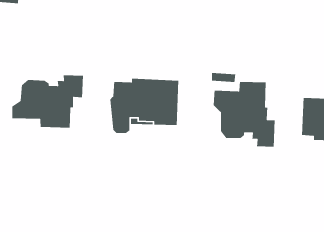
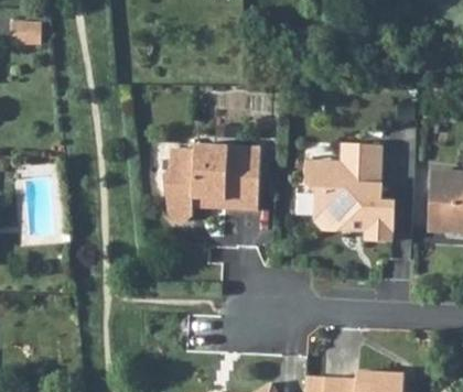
building: [11,75,84,129] -> none

